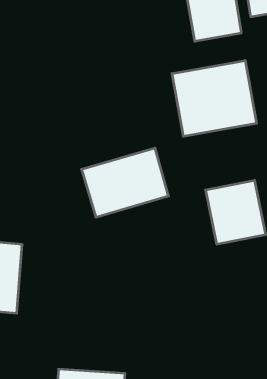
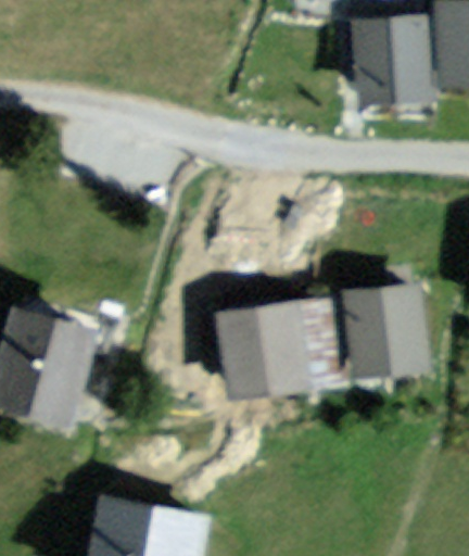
building: [172,60,257,136] -> none
building: [81,148,169,217] -> [226,306,337,387]

